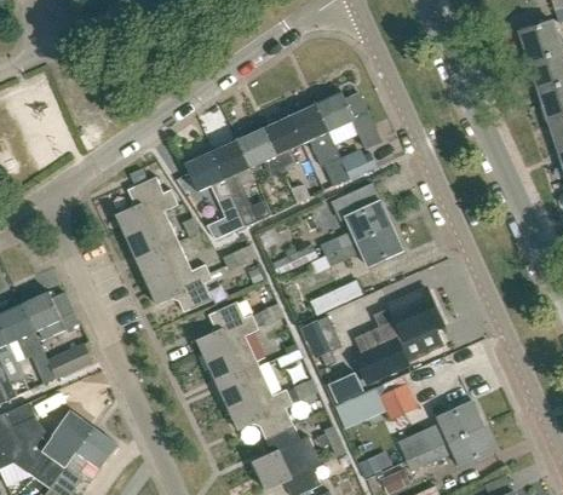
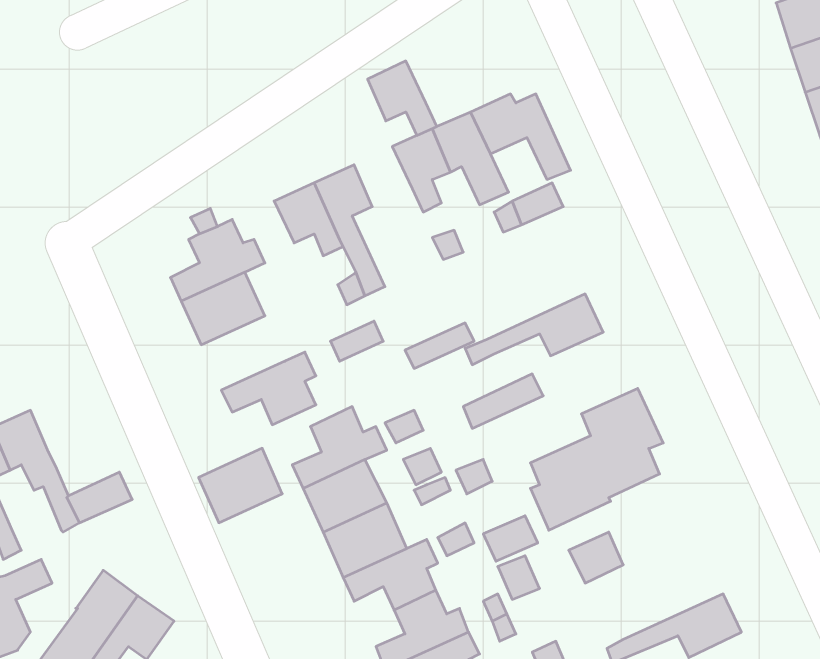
building: [237,127,283,177] -> [368,61,437,135]
building: [321,184,391,255] -> none
building: [136,240,191,289] -> [199,448,282,523]
building: [22,290,77,340] -> none
building: [398,399,483,461] -> none

